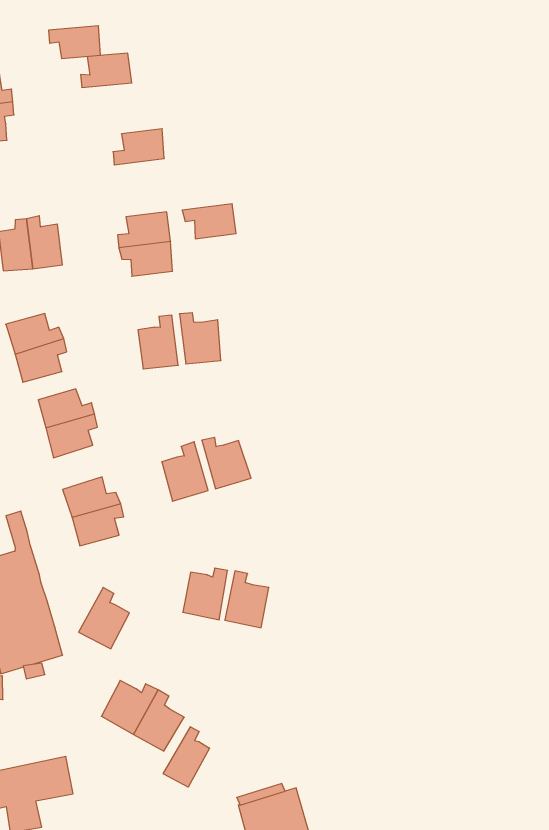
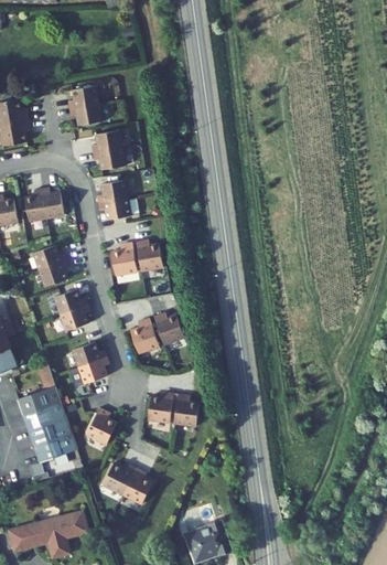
building: [49,26,101,59] -> [69,105,101,126]
building: [182,204,236,239] -> [92,149,125,171]
building: [163,727,210,787] -> none

